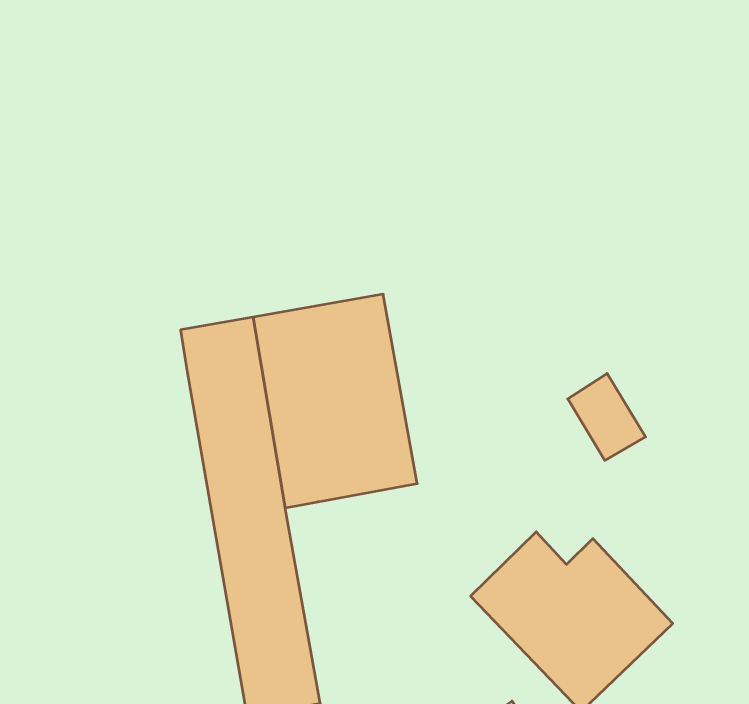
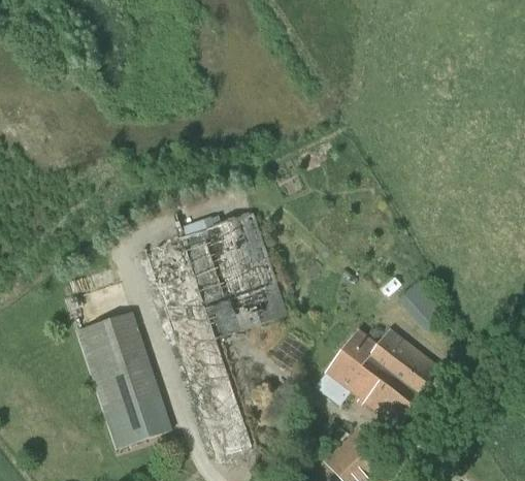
building: [568,373,646,460] -> [399,279,446,327]
building: none -> [75,310,171,449]

